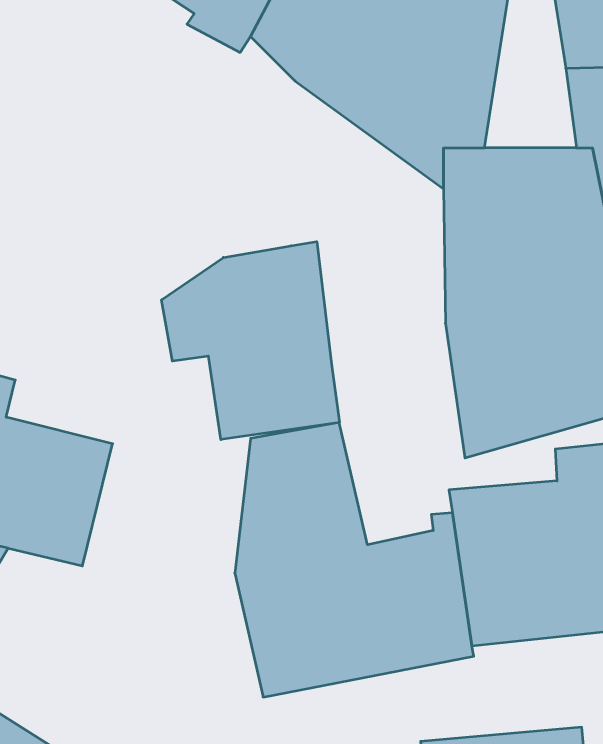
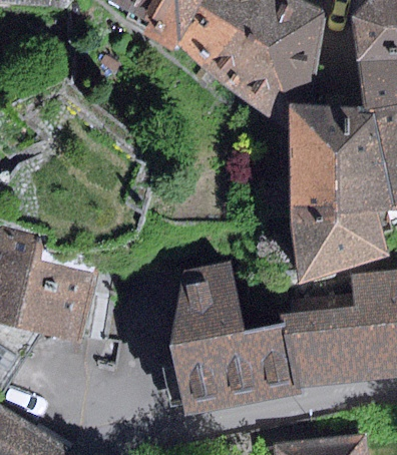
building: [162,242,340,440] -> none

